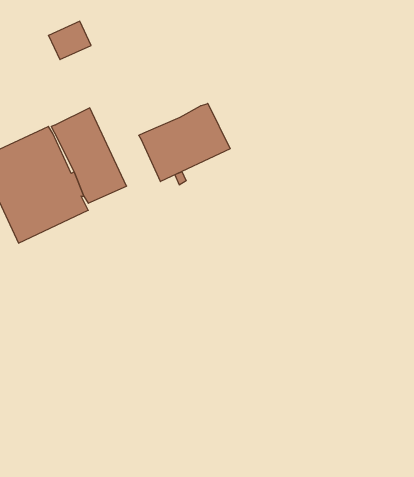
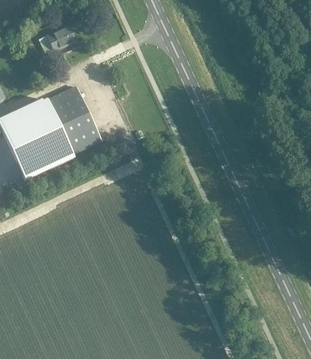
building: [139,103,230,182] -> none

